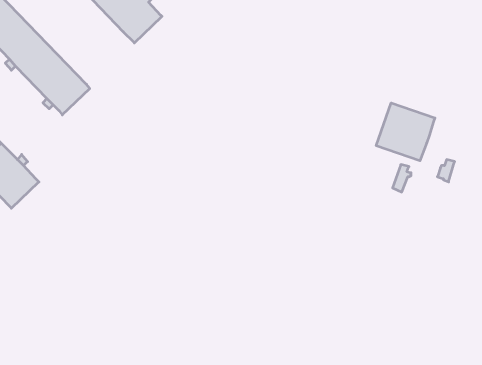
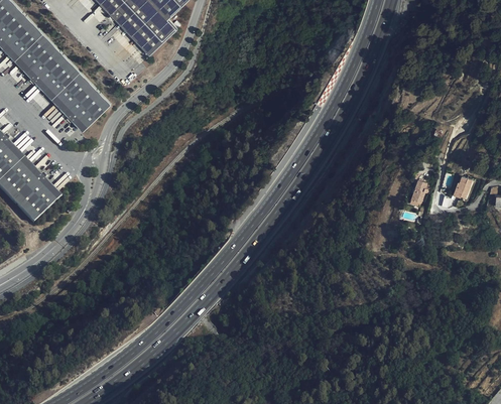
building: [376,103,435,161] -> none

